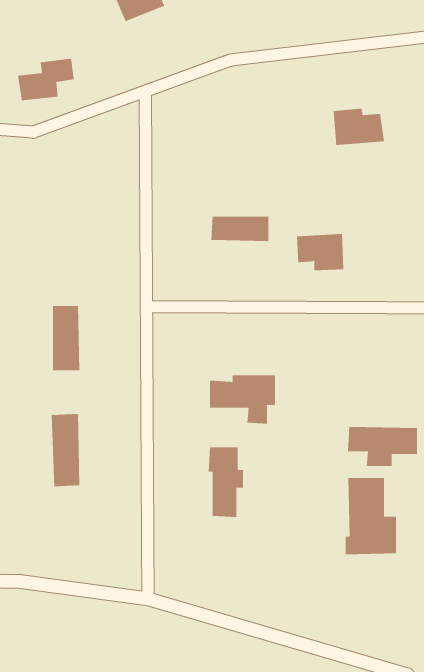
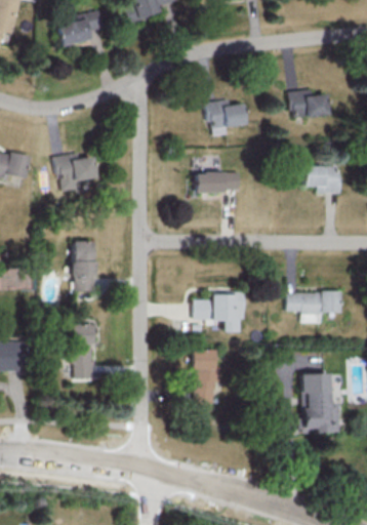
building: [17,58,75,101] -> [58,11,103,44]
building: none -> [206,99,246,135]
building: none -> [54,154,97,192]
building: [296,233,344,271] -> [304,164,341,193]
building: [347,427,418,467] -> [287,291,341,322]

